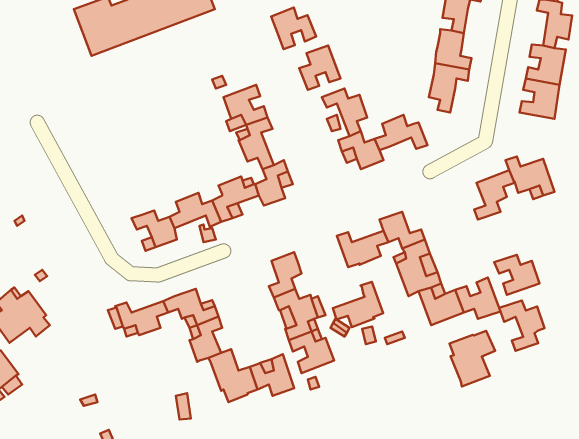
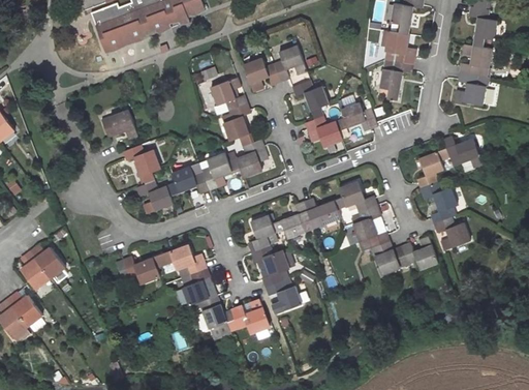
building: [271,8,316,49] -> [243,57,280,91]
building: none -> [101,109,137,139]
building: none -> [123,141,160,183]
building: [333,282,383,327] -> [272,201,313,238]
building: [499,300,545,351] -> [419,181,457,222]
building: [449,331,495,386] -> none

